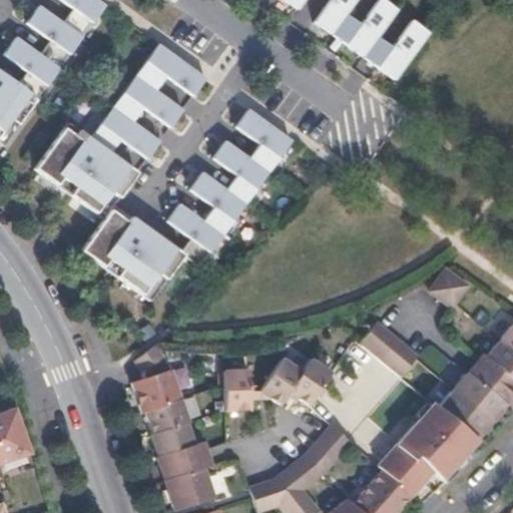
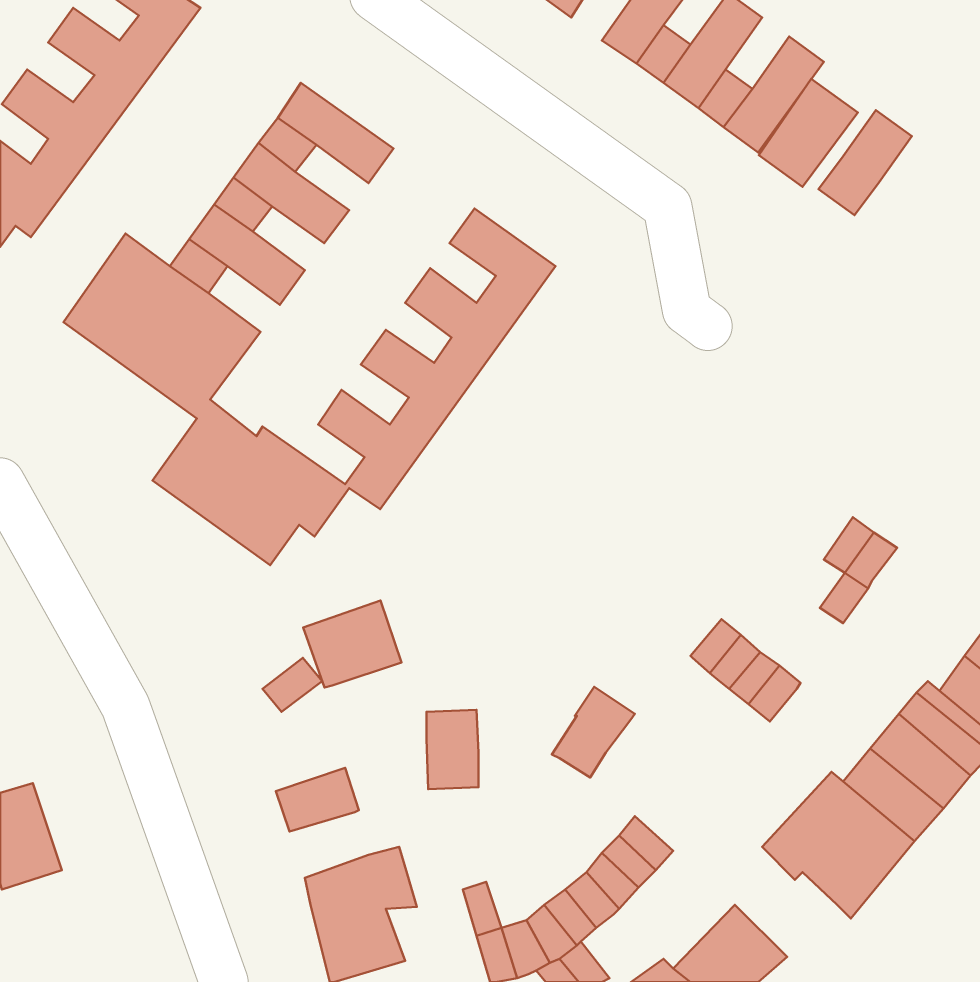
building: none -> [759,79,858,187]
building: none -> [819,110,912,215]
building: [261,359,303,404] -> none
building: [131,367,182,412] -> [303,601,402,687]
building: [150,422,194,456] -> none
building: [377,440,438,497] -> none

